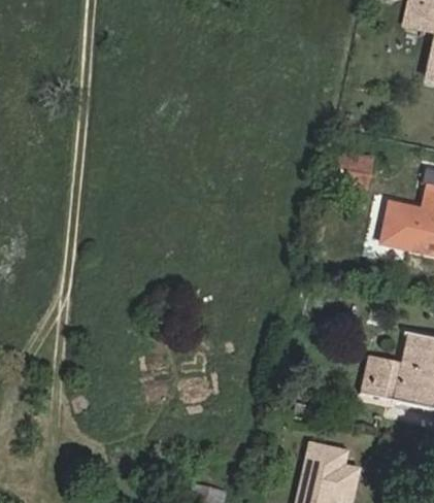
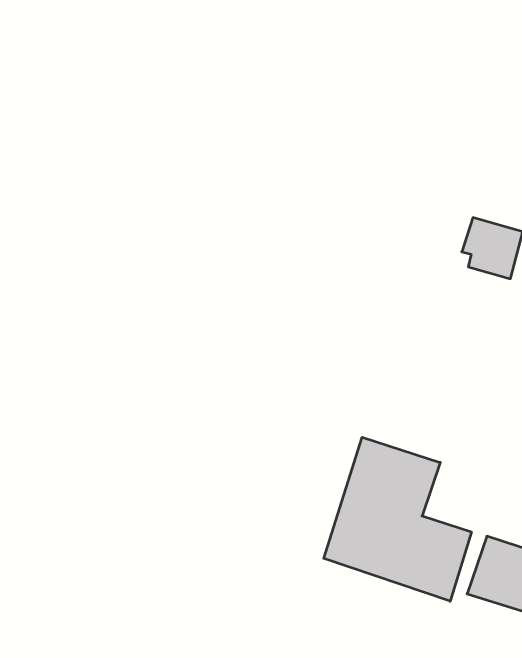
building: none -> [324,437,471,601]

